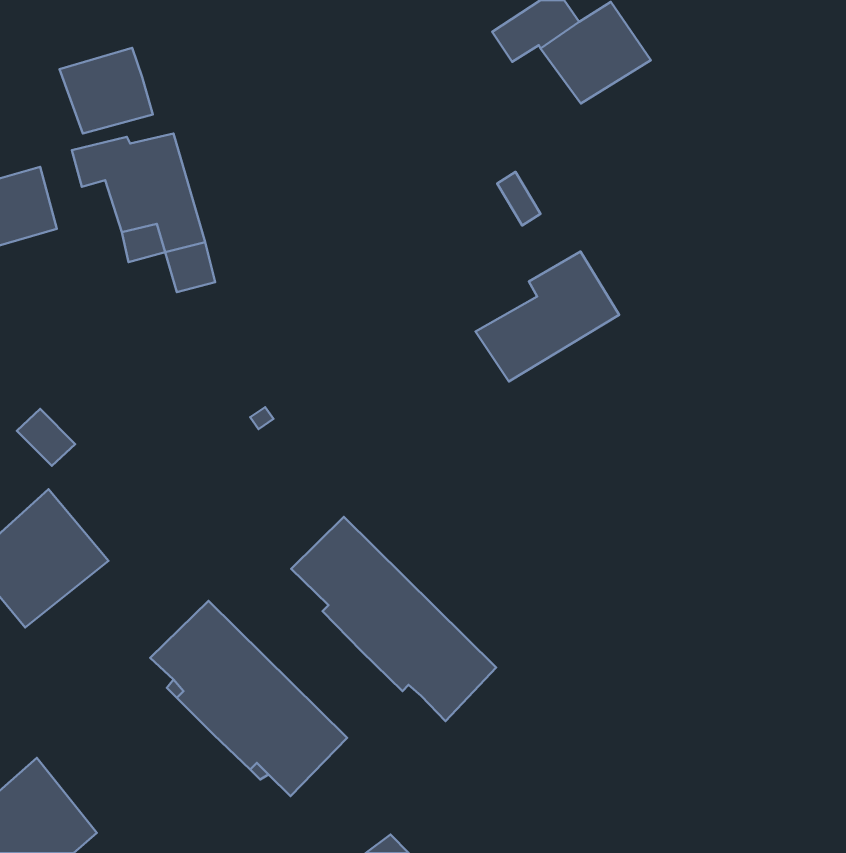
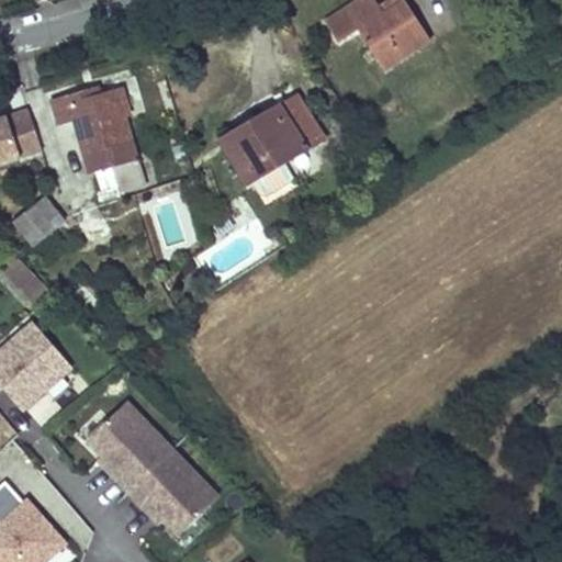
building: [60,48,153,133] -> none
building: [476,251,619,382] -> [224,97,318,182]
building: none -> [11,203,58,245]
building: [291,517,496,721] -> none

